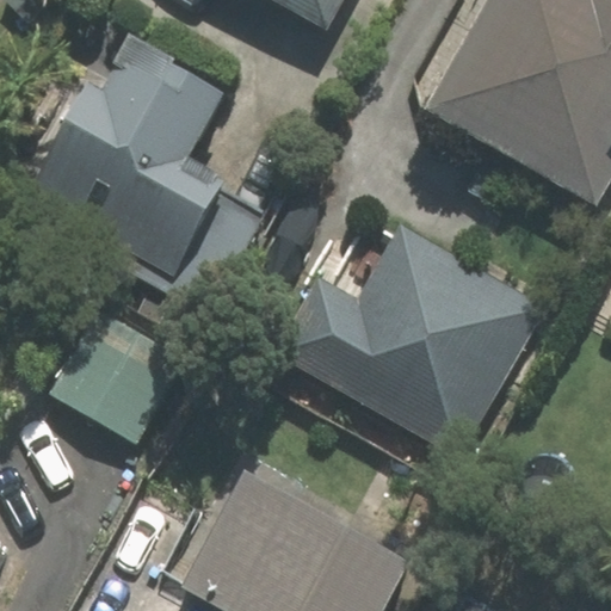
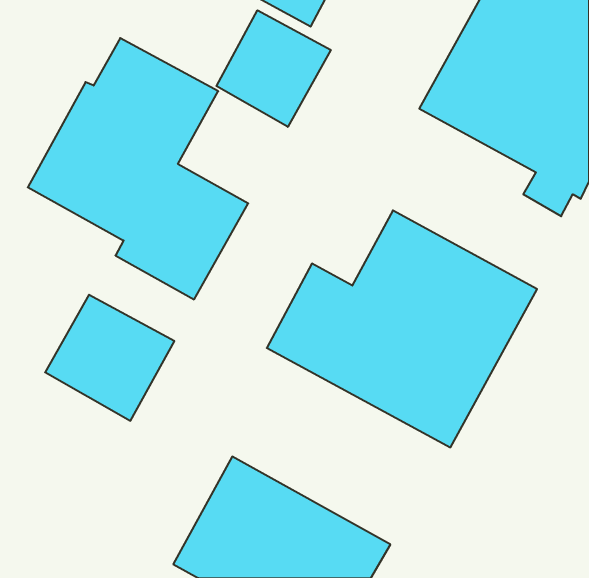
building: none -> [216,10,331,127]

